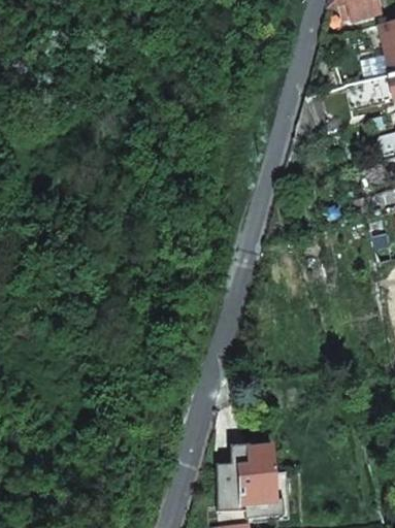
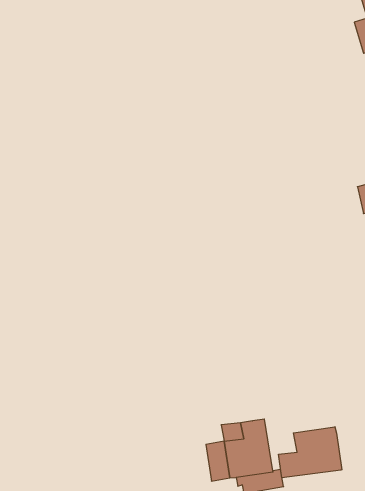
building: none -> [279,427,342,478]

